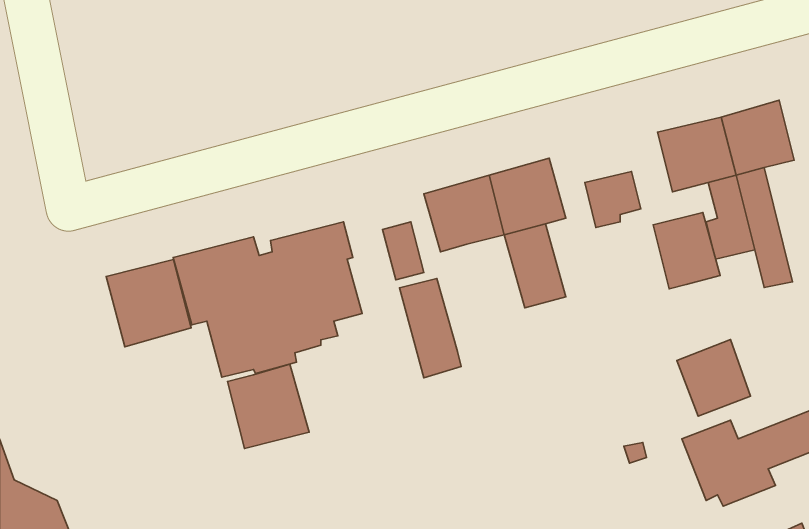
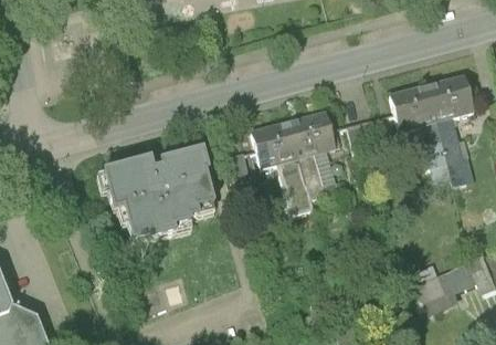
building: [653,213,720,289] -> none
building: [106,259,191,347] -> none
building: [399,279,461,378] -> [276,155,313,213]
building: [677,339,750,416] -> none
building: [228,364,309,449] -> none

